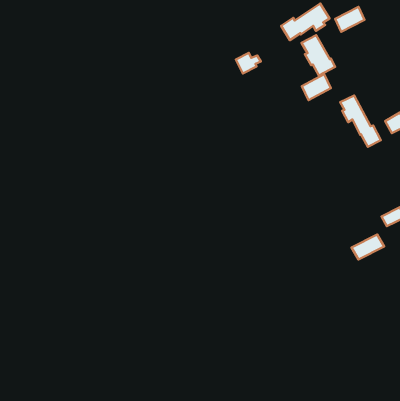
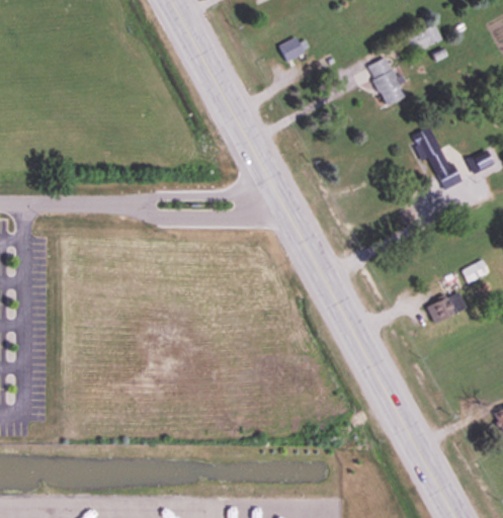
building: [281,4,330,40] -> none
building: [236,53,261,73] -> [280,37,310,62]
building: [302,74,331,100] -> none

